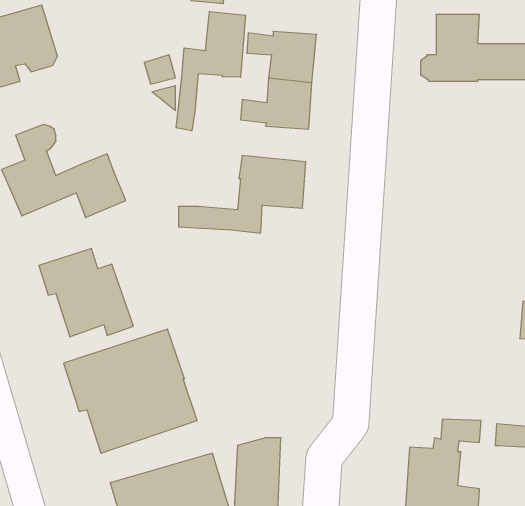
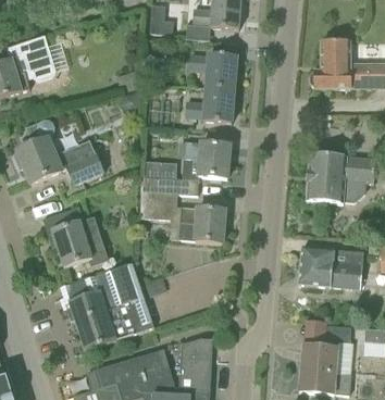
building: [176,11,246,131] -> none
building: none -> [306,152,377,204]
building: none -> [139,190,225,242]
building: none -> [296,246,363,287]

